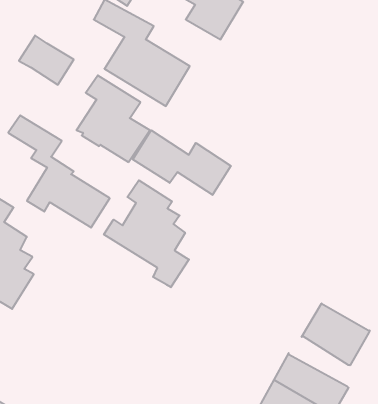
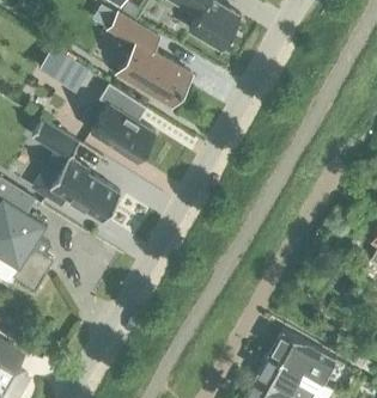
building: [133,130,231,195] -> none
building: [104,180,189,287] -> none
building: [302,303,370,365] -> none

